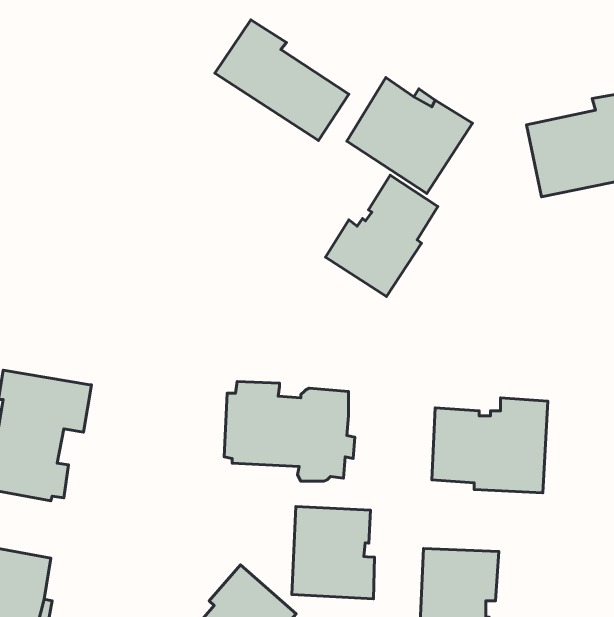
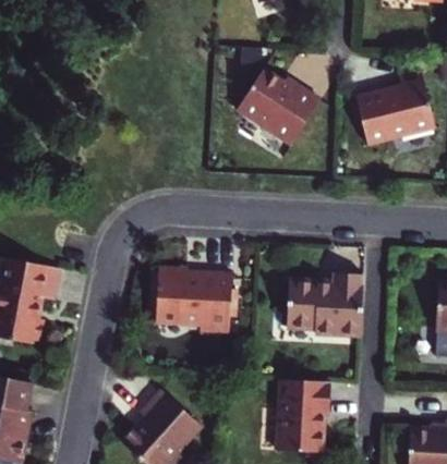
building: [215,20,349,141] -> none
building: [325,175,438,296] -> none
building: [292,507,374,599] -> none

